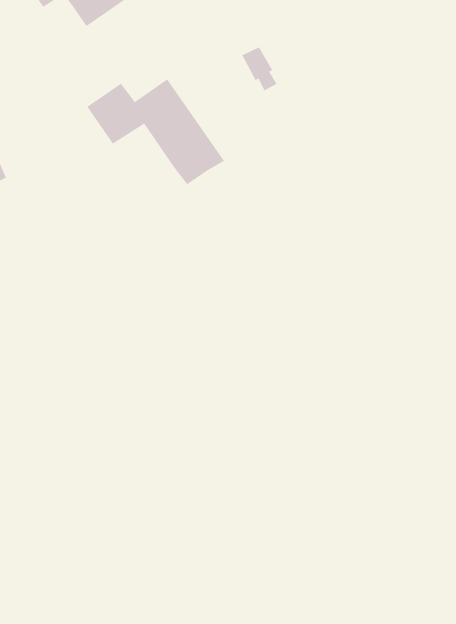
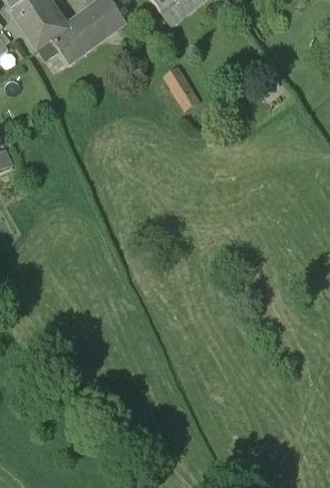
building: [87,78,225,185] -> none

